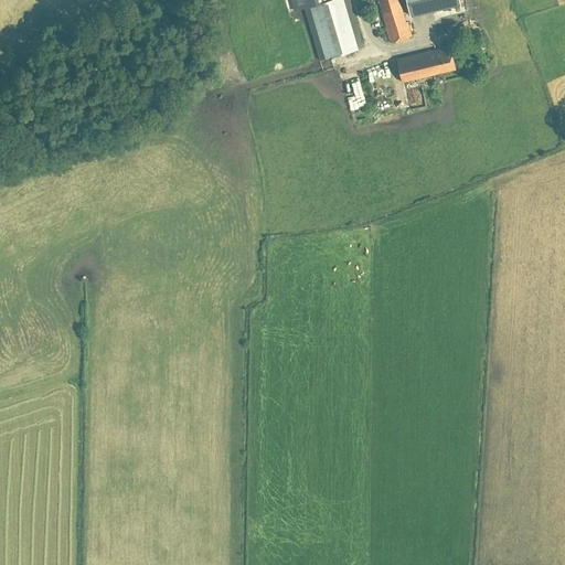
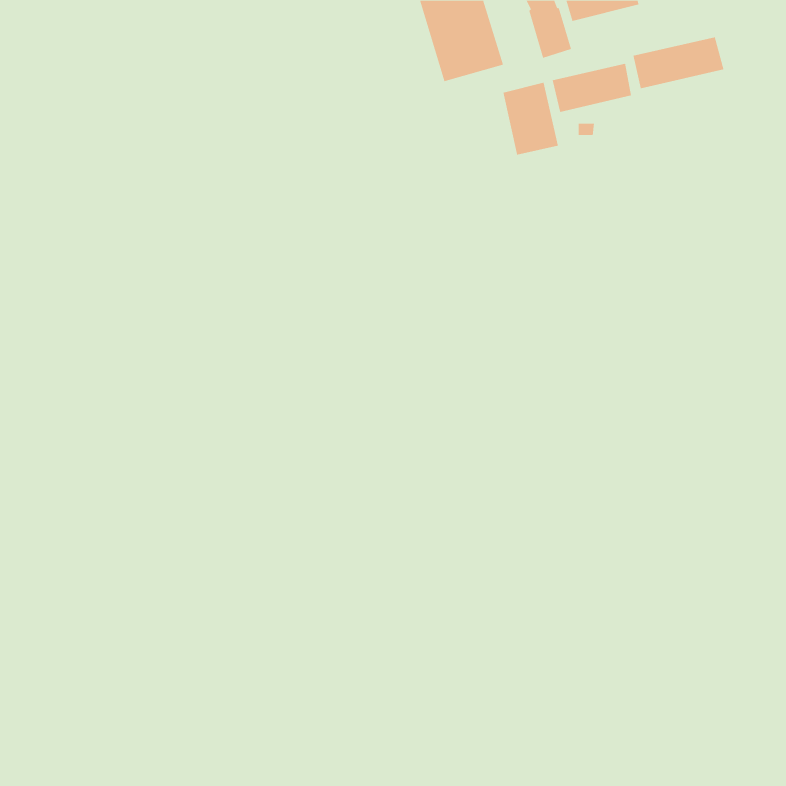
building: none -> [633,37,724,89]
building: none -> [503,82,559,155]

